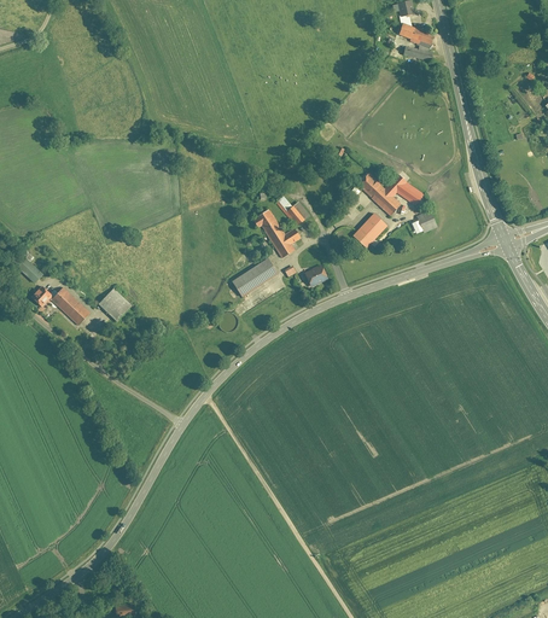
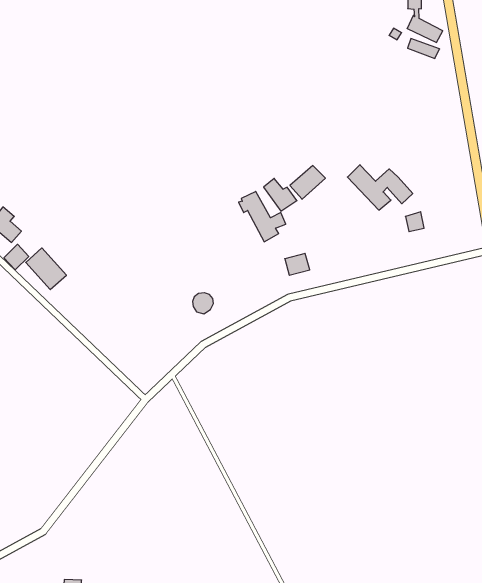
building: [354,214,387,247] -> [290,166,325,199]
building: [232,258,279,298] -> none
building: [99,288,132,321] -> none

